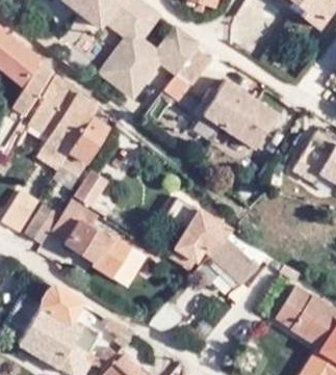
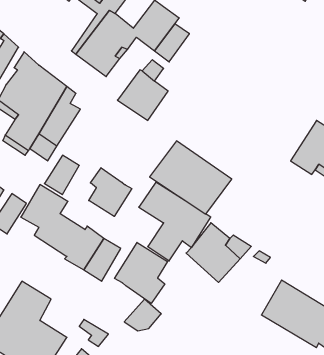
building: [202,81,278,149] -> [150,141,232,214]
building: none -> [89,168,132,216]
building: none -> [115,242,168,303]

